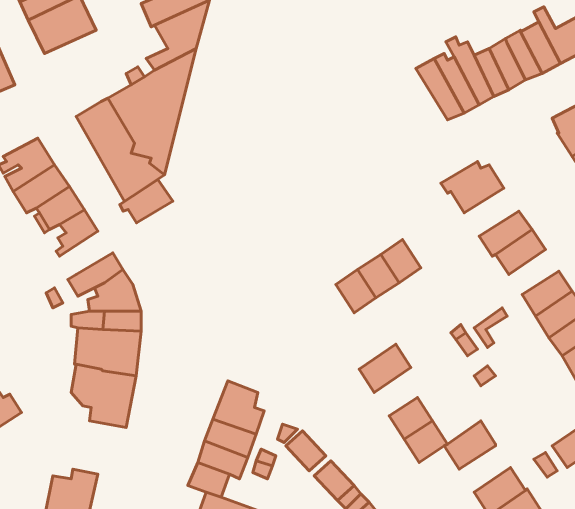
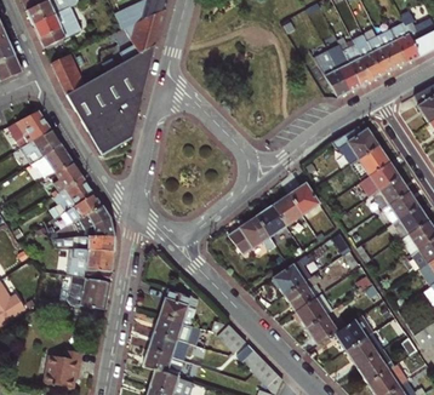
building: none -> [51,52,85,93]
building: [120,180,173,223] -> [55,177,93,208]
building: none -> [349,145,389,181]
building: none -> [382,190,418,223]
building: none -> [228,216,275,254]
building: none -> [284,275,319,311]
building: none -> [346,333,383,367]

